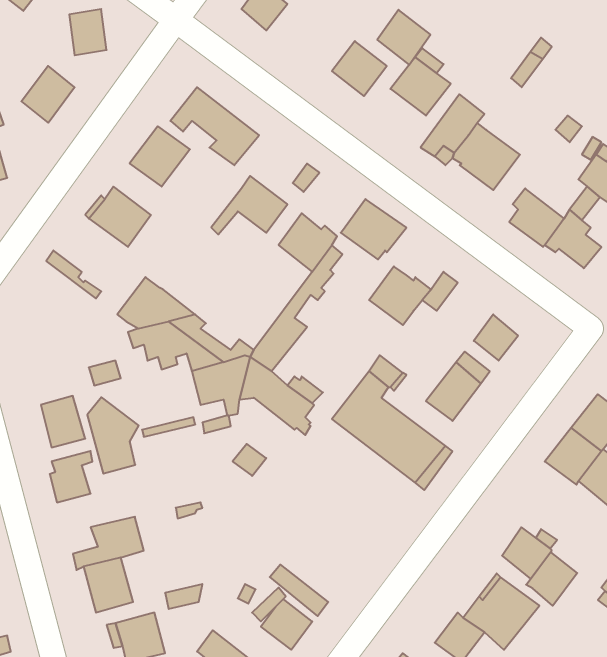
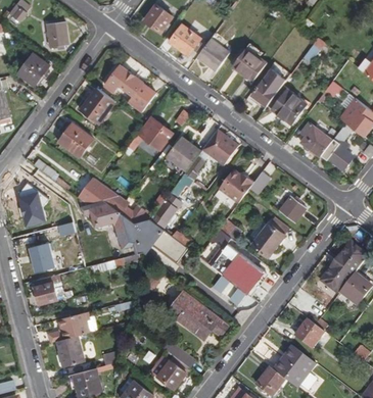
building: [377,10,430,65] -> [170,24,200,56]
building: [87,397,139,474] -> [18,183,48,227]
building: none -> [167,292,227,336]
building: [526,552,577,606] -> none

